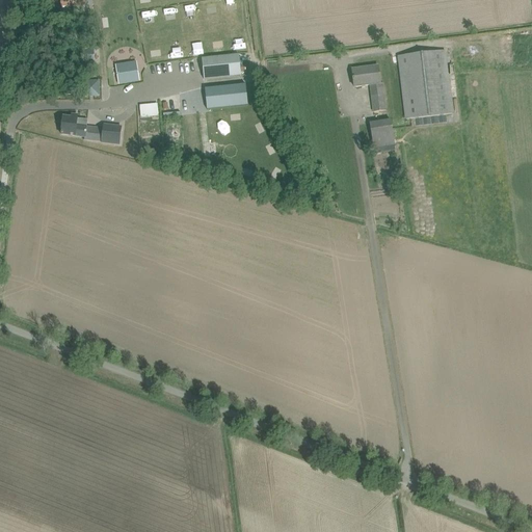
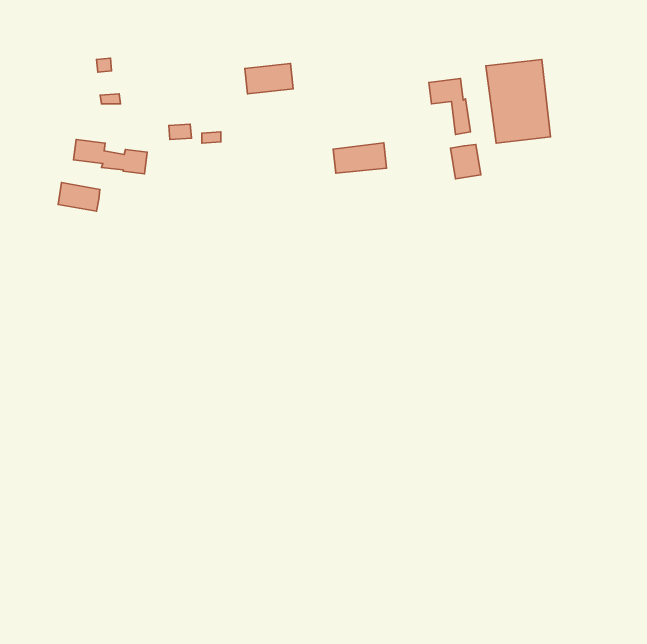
building: [114,59,138,81] -> none
building: [204,80,247,105] -> [333,143,386,173]
building: none -> [58,183,100,211]

